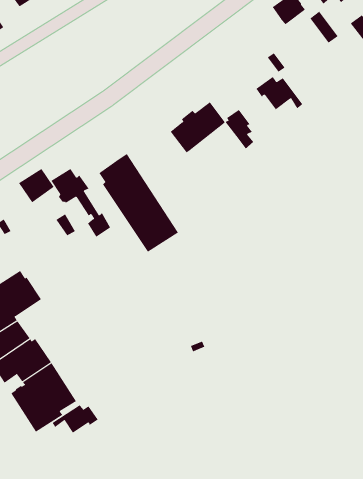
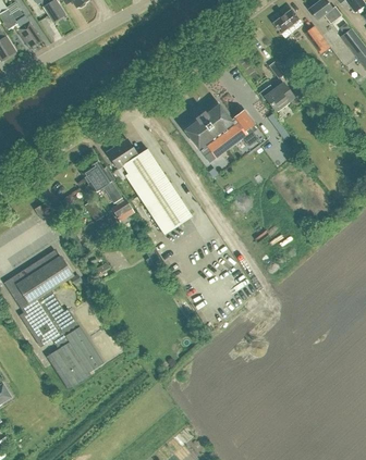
building: none -> [202,122,243,157]
building: [18,168,54,203] -> [106,138,137,169]
building: [52,404,99,434] -> none

